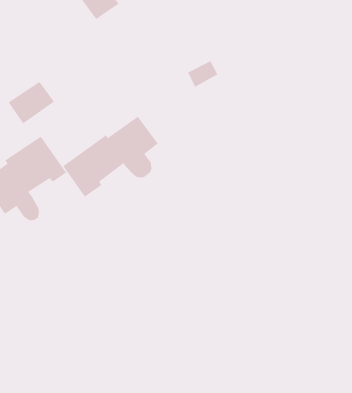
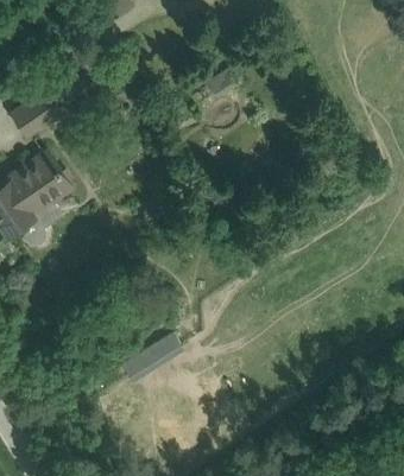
building: [63,116,159,198] -> none
building: none -> [122,332,184,382]

